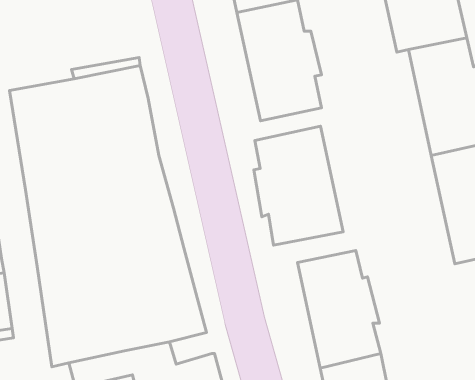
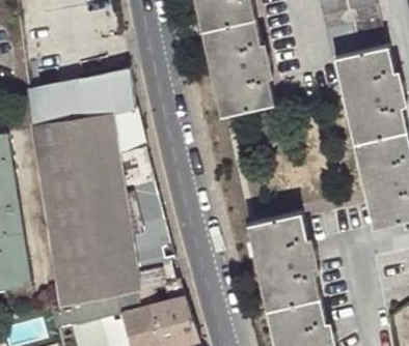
building: [254,126,343,245] -> none

